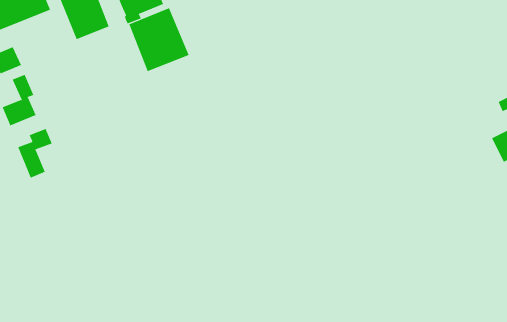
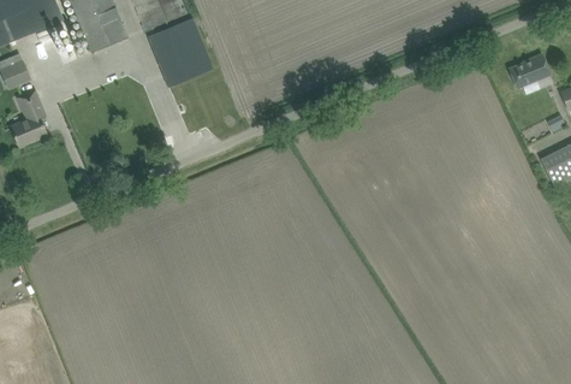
building: none -> [507,53,549,87]
building: [17,128,52,179] -> none

